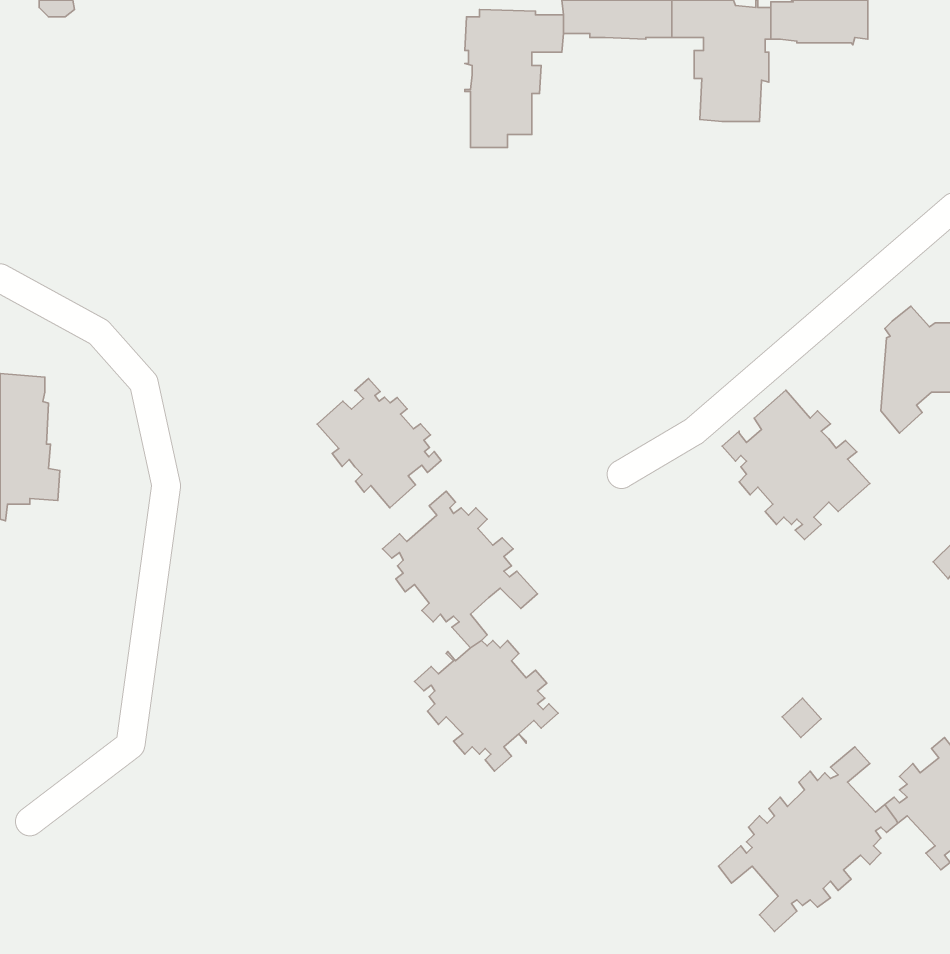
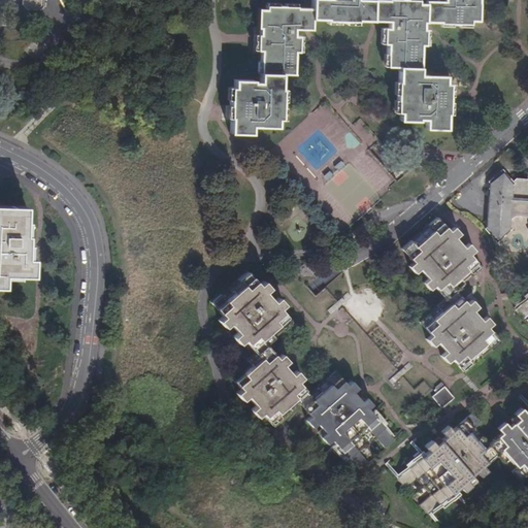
building: none -> [398,67,451,129]
building: none -> [232,79,284,134]
building: [317,379,441,508] -> none
building: none -> [422,290,501,372]
building: none -> [301,371,397,471]

